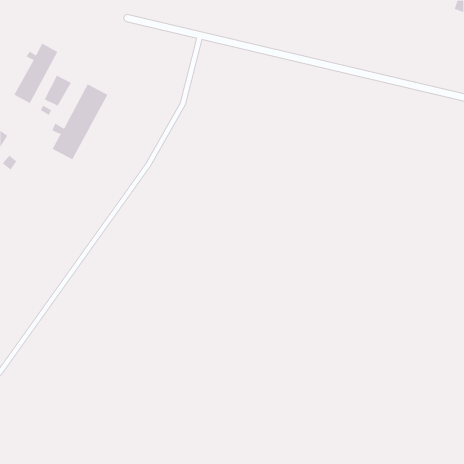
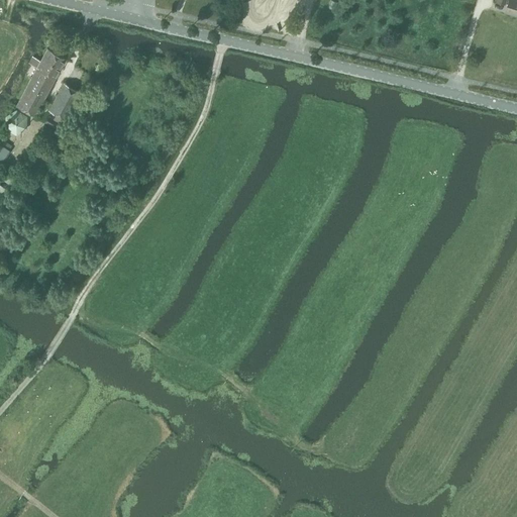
building: [52,84,108,160] -> none

